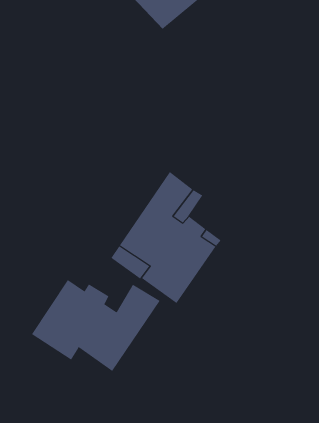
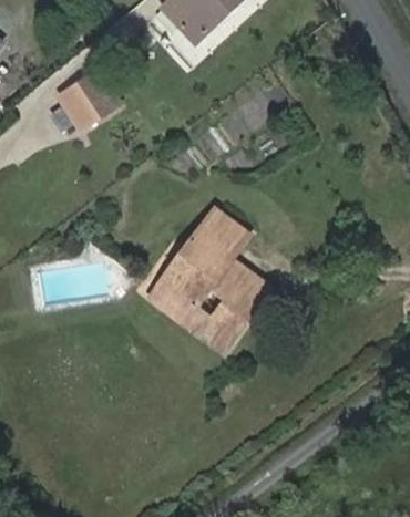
building: none -> [64,75,125,132]
building: [31,279,160,372] -> none

